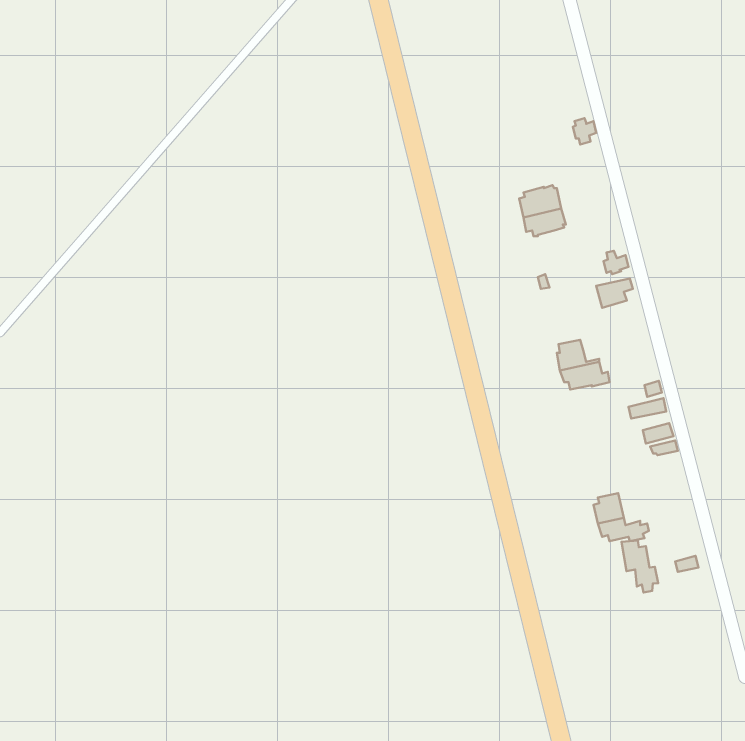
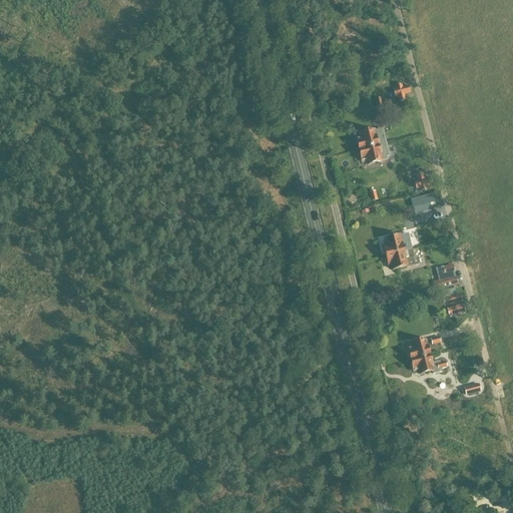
building: [621,541,658,593] -> none

